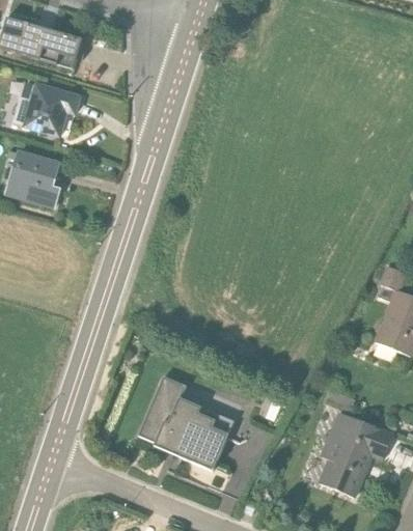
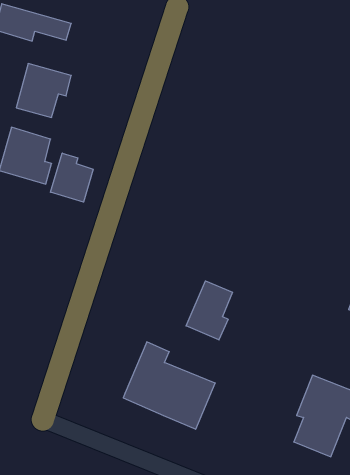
building: none -> [50,153,93,202]
building: none -> [186,281,232,340]

